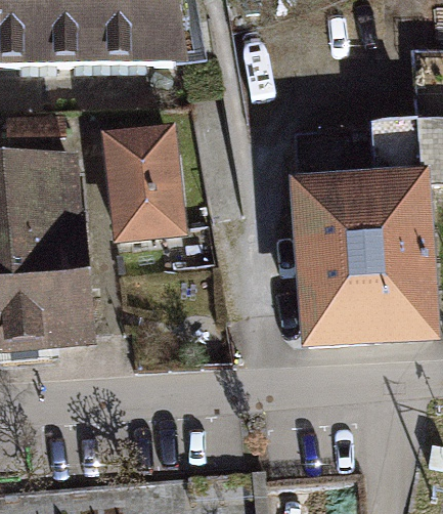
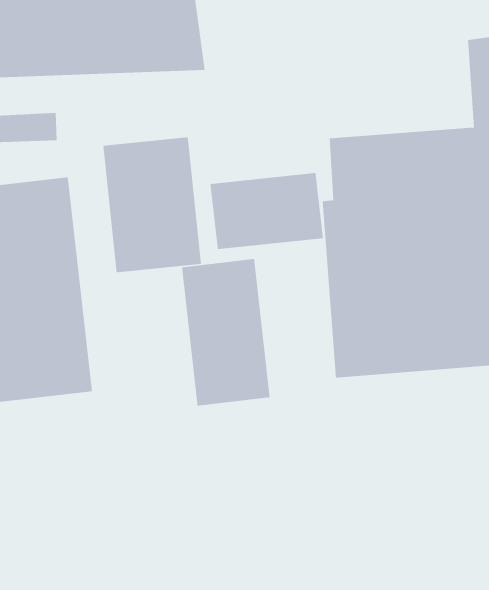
building: none -> [210,172,323,250]
building: none -> [181,258,270,407]

